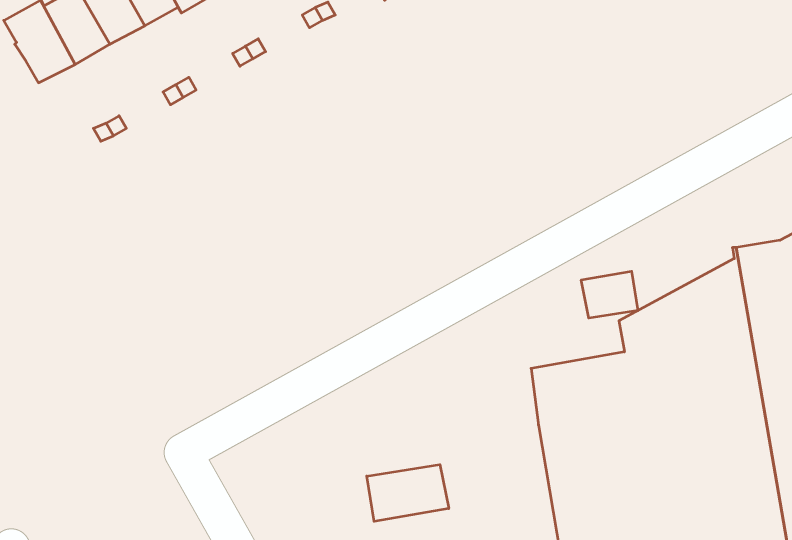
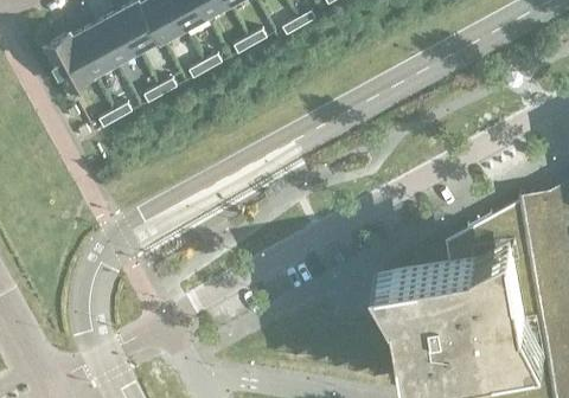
building: [581,271,638,318] -> none
building: [367,465,449,521] -> none

